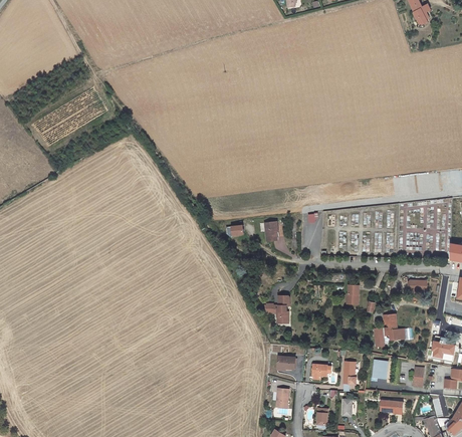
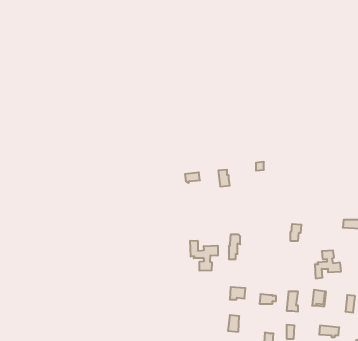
building: none -> [190,241,218,271]

